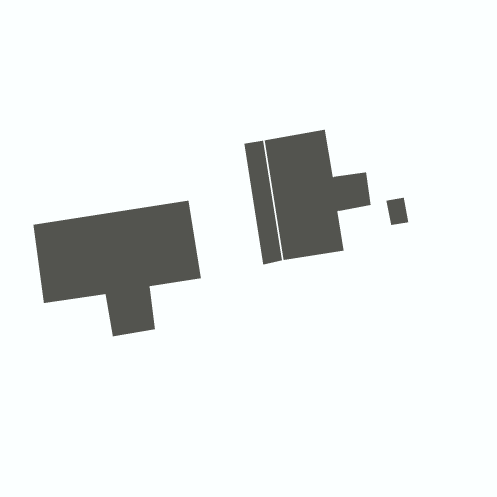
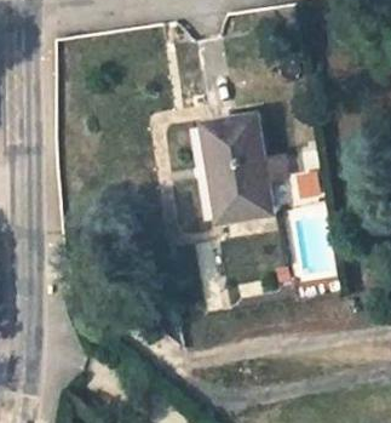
building: [33,200,201,337] -> none

